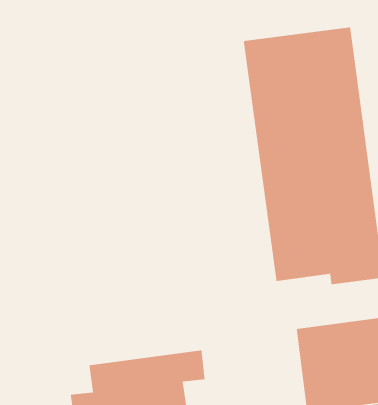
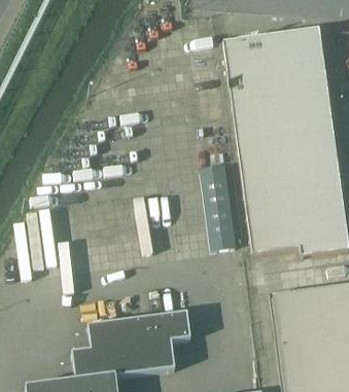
building: none -> [201,164,237,249]

